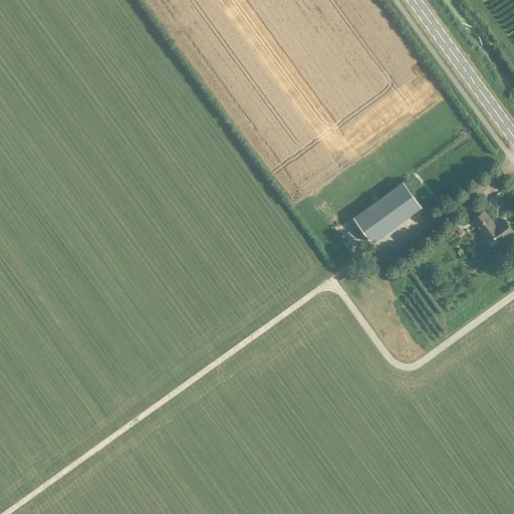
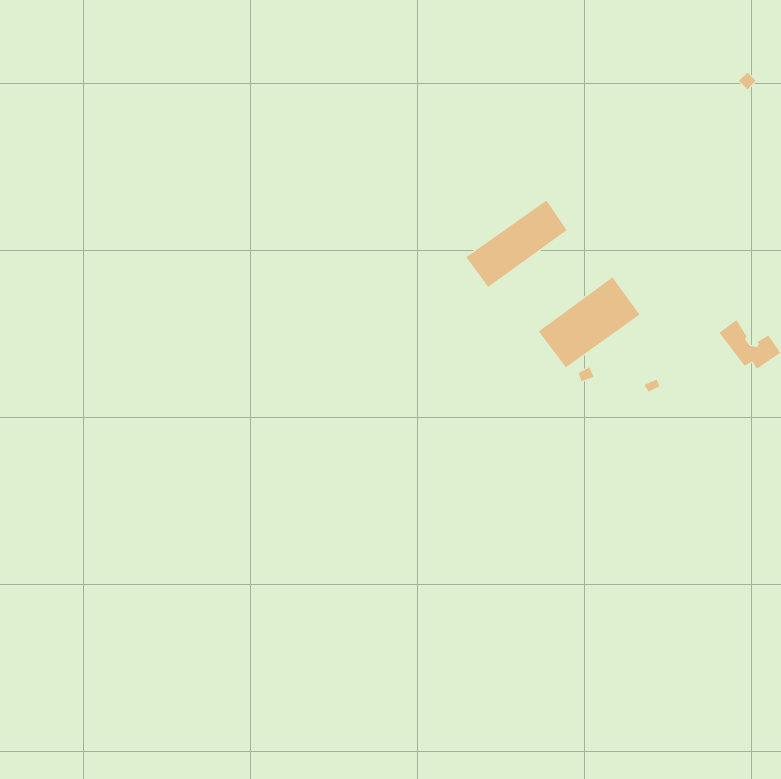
building: none -> [466,200,567,288]

